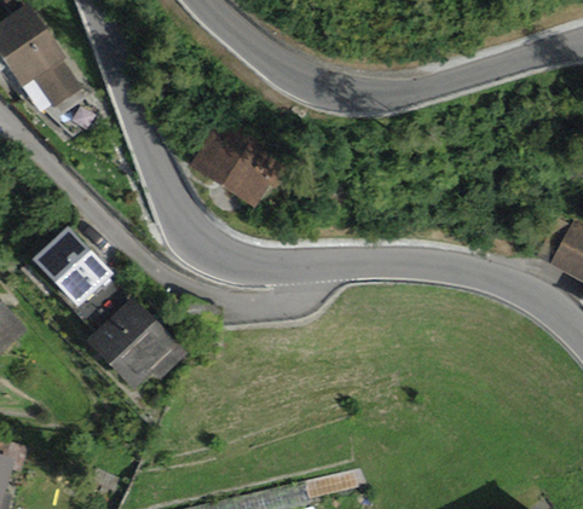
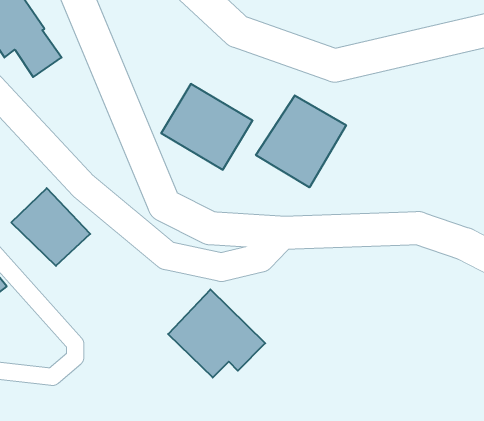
building: none -> [256,95,346,187]
building: [87,296,190,389] -> [168,289,265,378]

